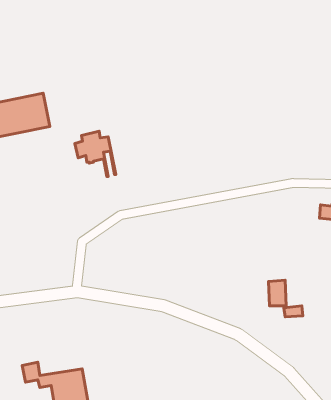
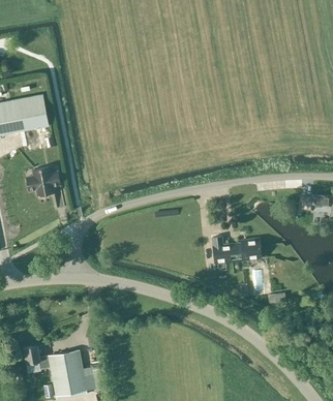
building: [75,131,116,177] -> [26,167,64,210]
building: none -> [212,238,261,265]

